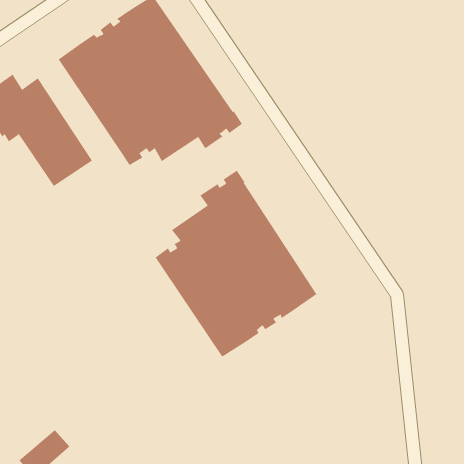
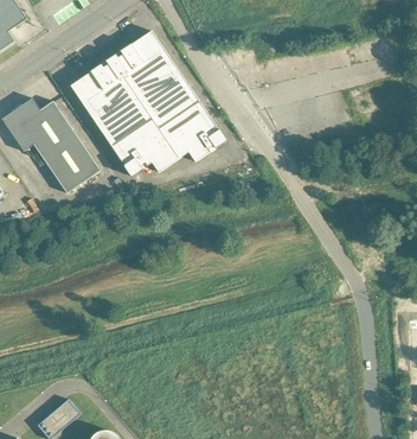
building: [155,170,317,358] -> none

